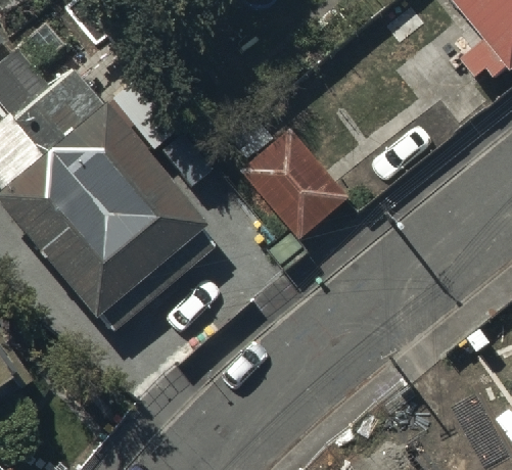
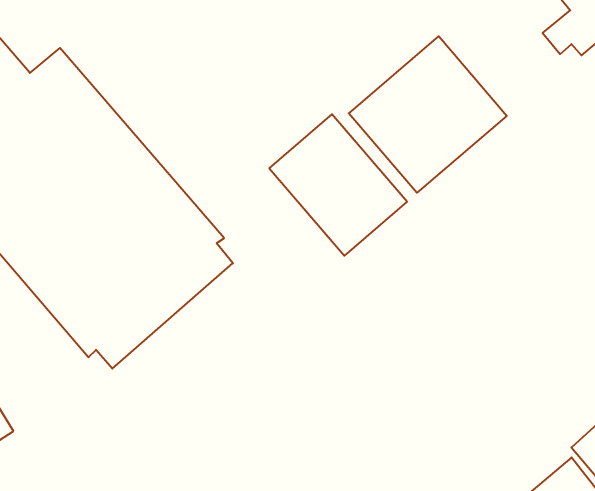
building: none -> [349,36,507,193]

